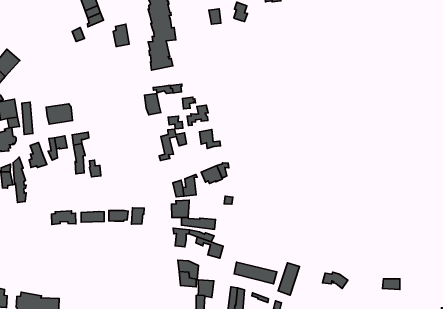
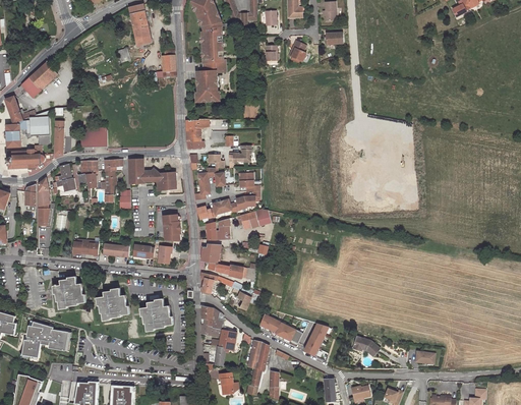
building: none -> [128,159,176,191]
building: none -> [197,190,260,219]
building: none -> [163,215,181,242]
building: none -> [53,277,85,309]
building: none -> [97,288,129,321]
building: none -> [140,299,173,331]

